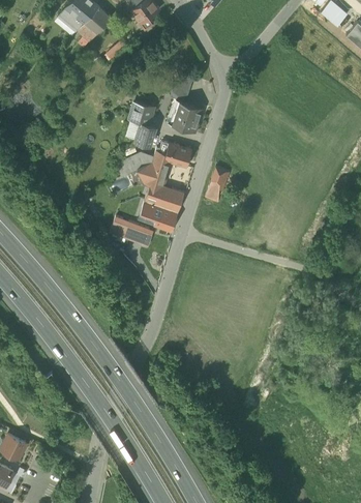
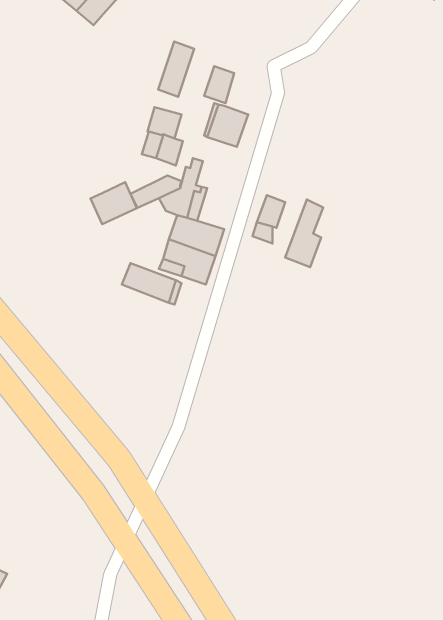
building: none -> [158,41,194,97]
building: [163,143,191,167] -> none
building: none -> [91,182,137,224]
building: none -> [285,199,323,267]

